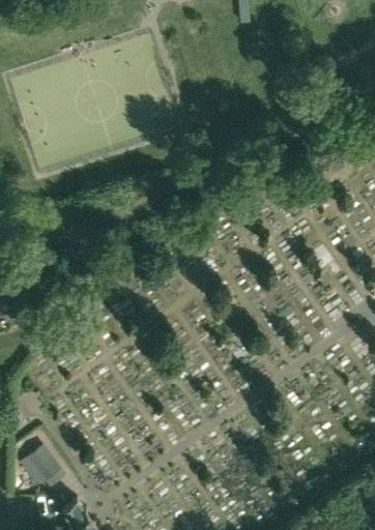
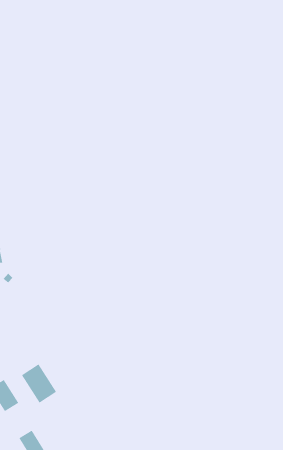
building: none -> [21,364,57,403]

